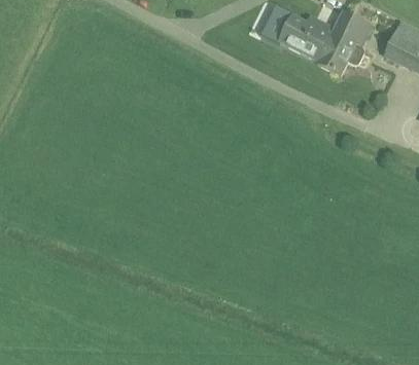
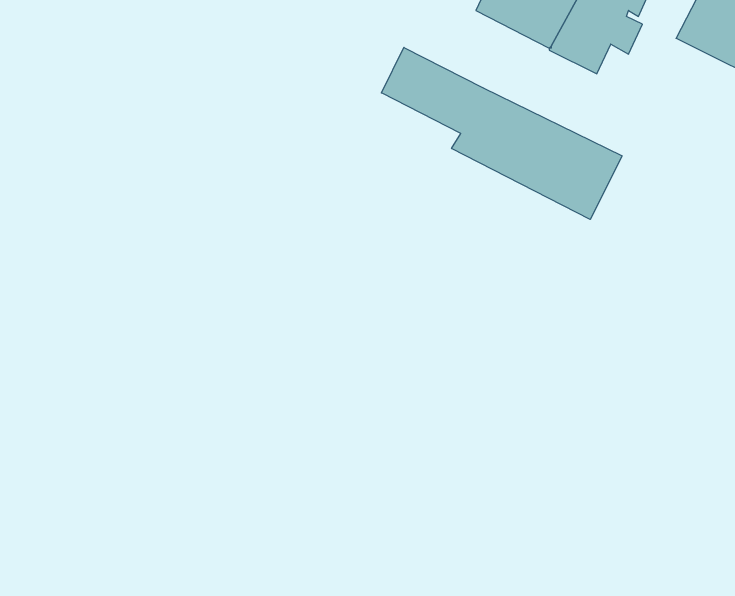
building: none -> [381,47,622,219]

